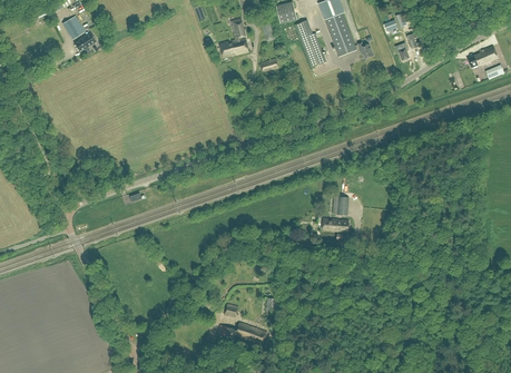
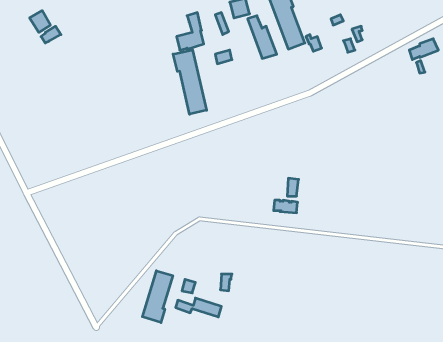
building: none -> [173,50,207,114]
building: none -> [142,271,173,323]

